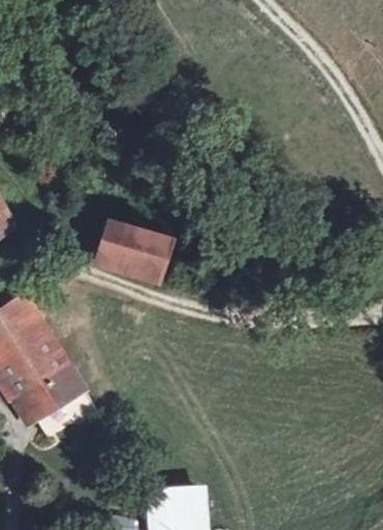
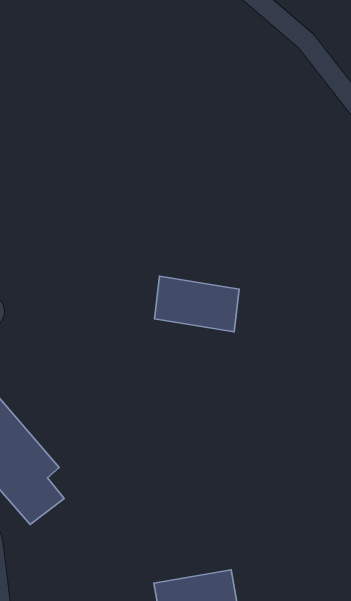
building: [93,232,165,285] -> [155,276,239,332]

